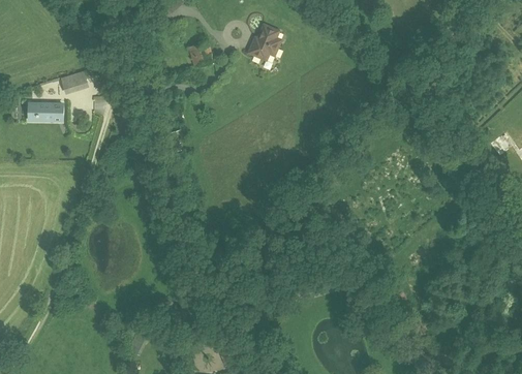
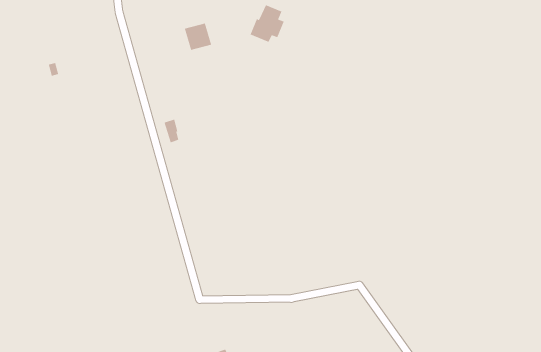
building: [28,103,60,121] -> none

